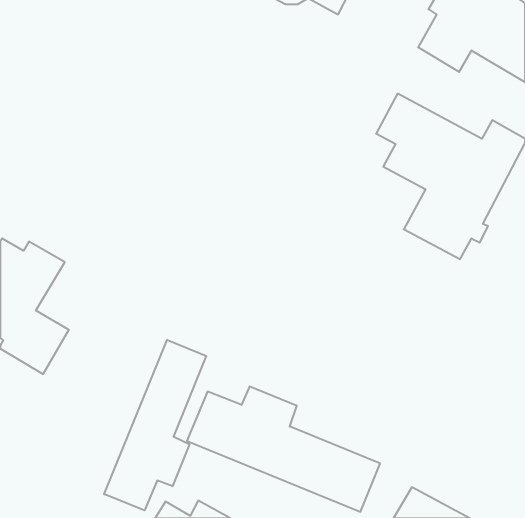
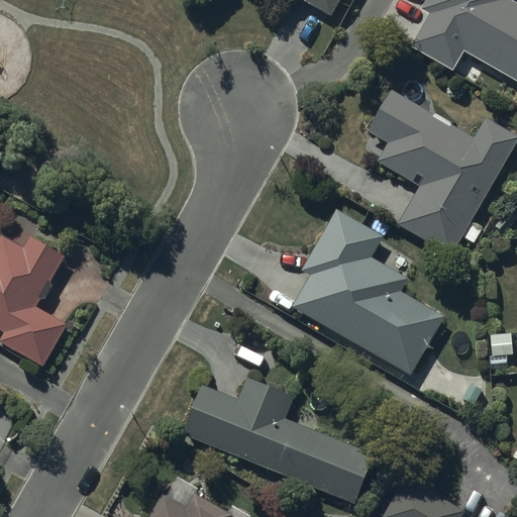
building: none -> [291,208,444,375]
building: [104,340,206,510] -> none

